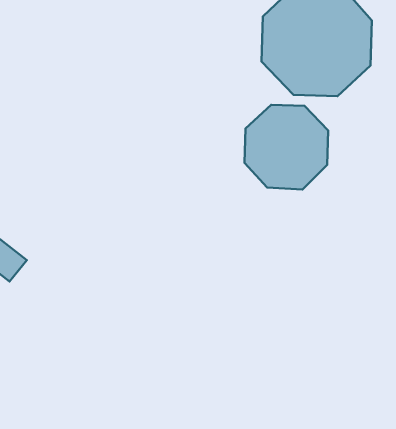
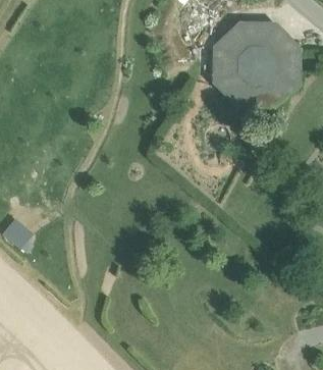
building: [245,105,328,190] -> none

